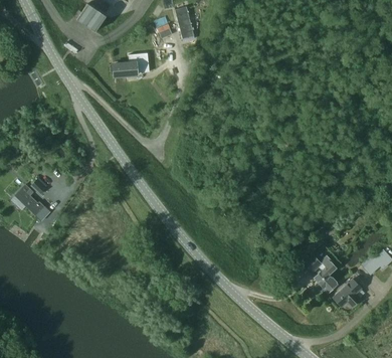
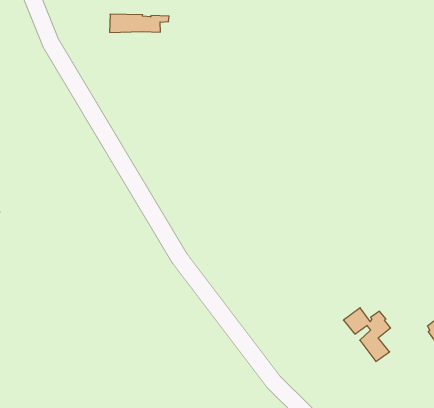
building: [332,279,360,307] -> none

